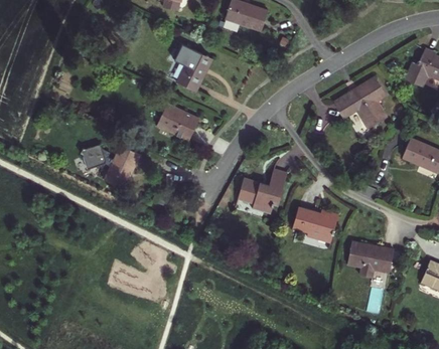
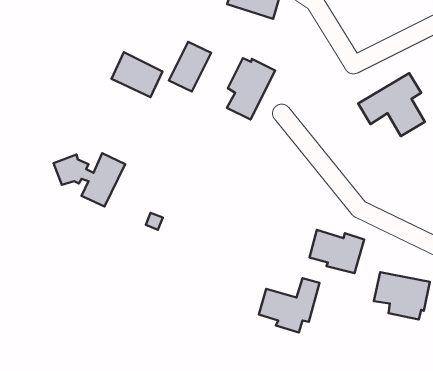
building: none -> [227,58,275,119]
building: [156,104,198,141] -> [112,52,163,97]
building: [238,169,288,214] -> [259,278,320,333]

